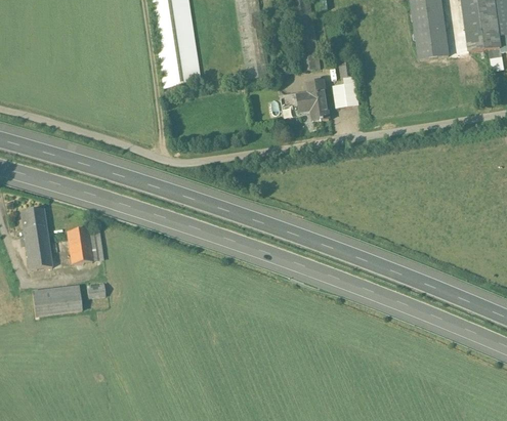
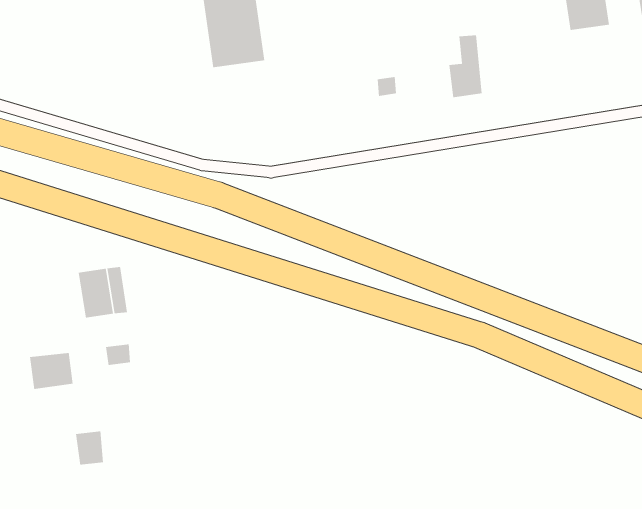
building: [300,81,332,122] -> none
building: [20,209,52,270] -> none
building: [60,287,81,311] -> [75,431,104,465]

